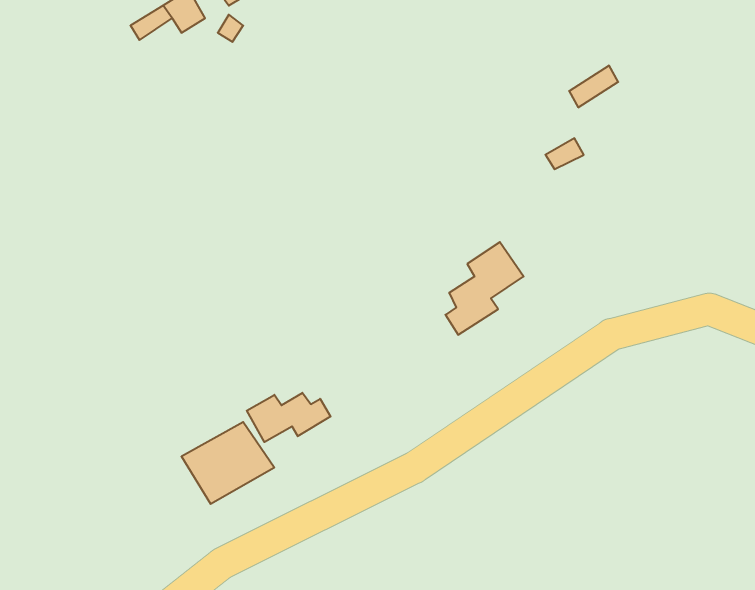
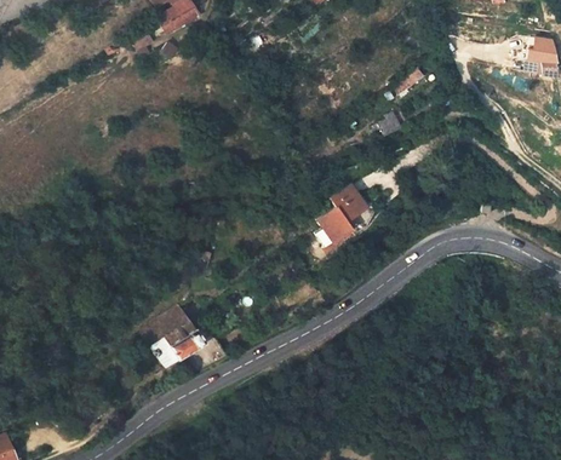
building: [247,393,331,442] -> none

